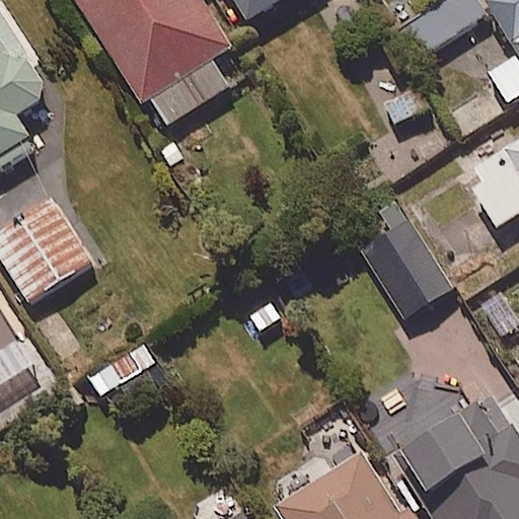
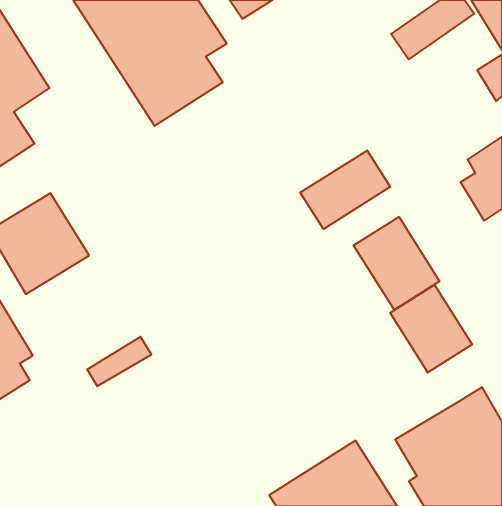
building: none -> [300,150,390,229]
building: none -> [390,285,472,373]

